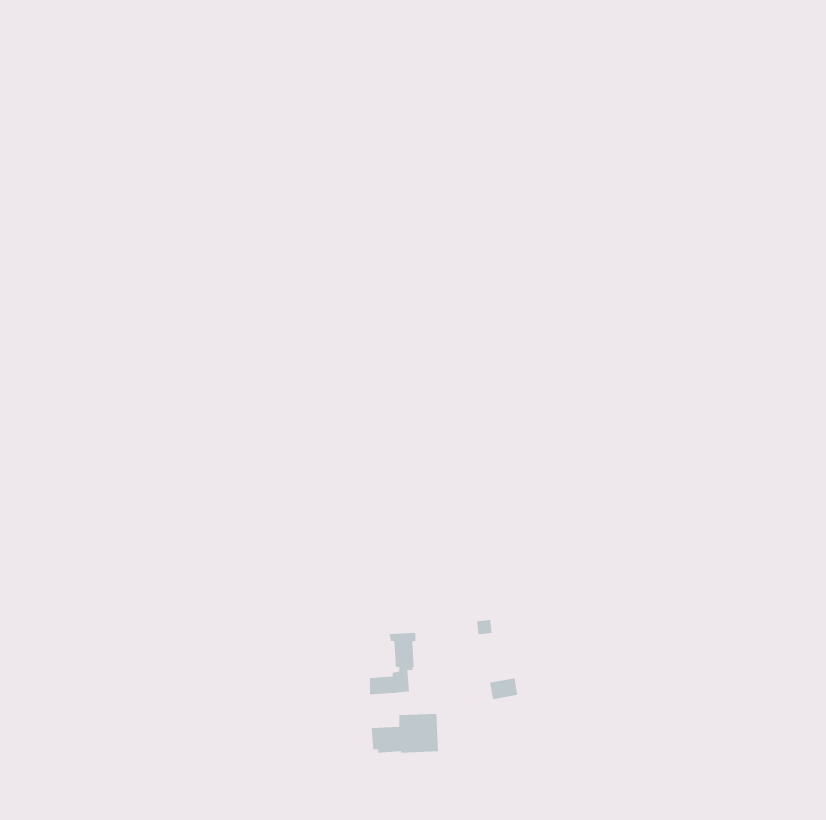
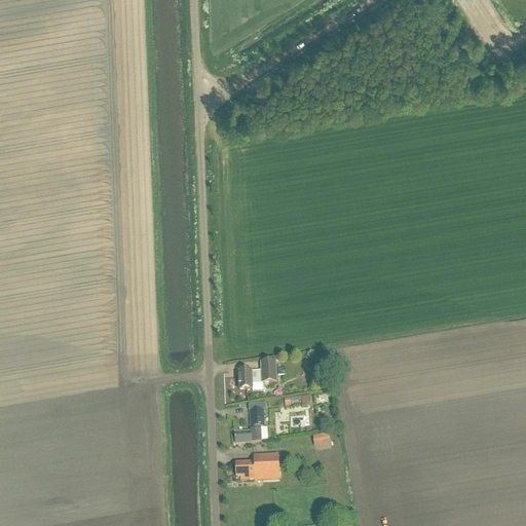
building: none -> [237,360,275,387]

